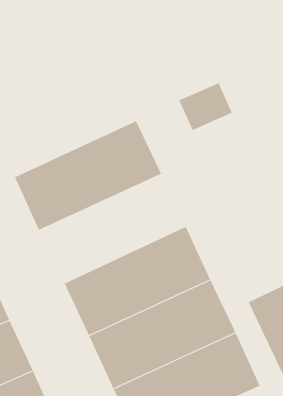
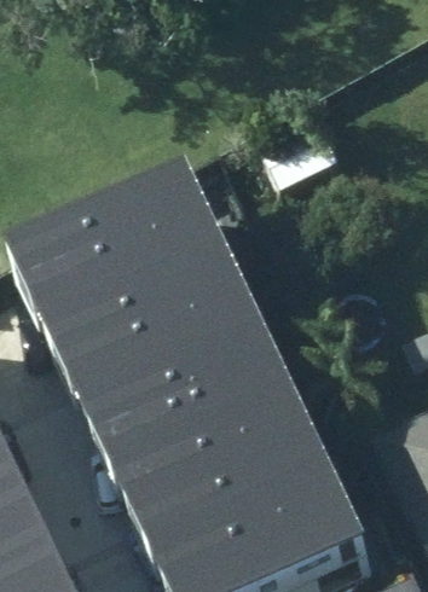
building: none -> [57,257,268,414]

